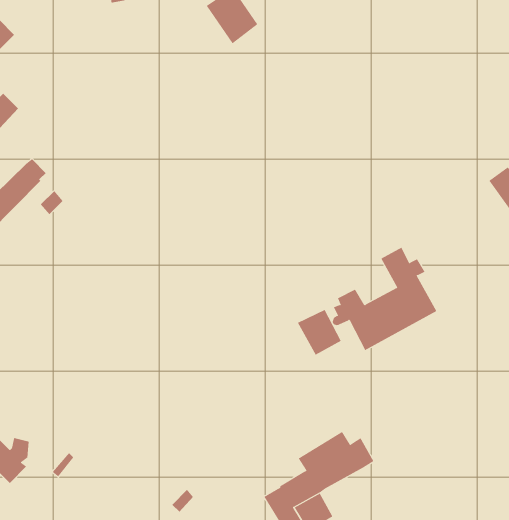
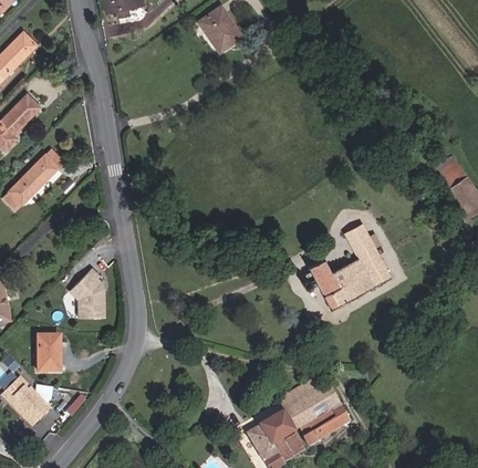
building: none -> [67,266,103,316]
building: [297,309,342,356] -> none
building: none -> [37,335,59,372]
building: none -> [298,407,349,446]

